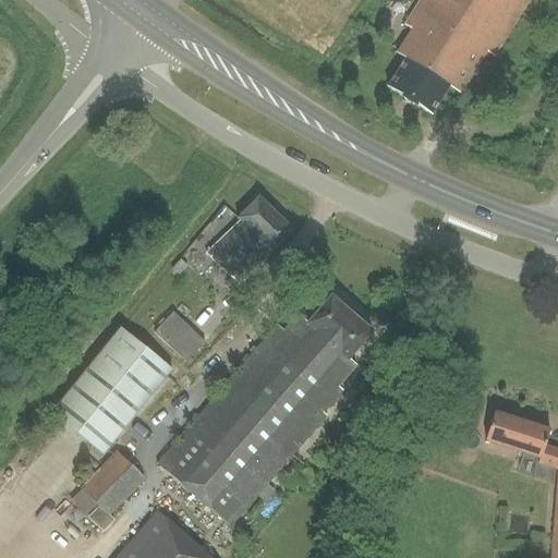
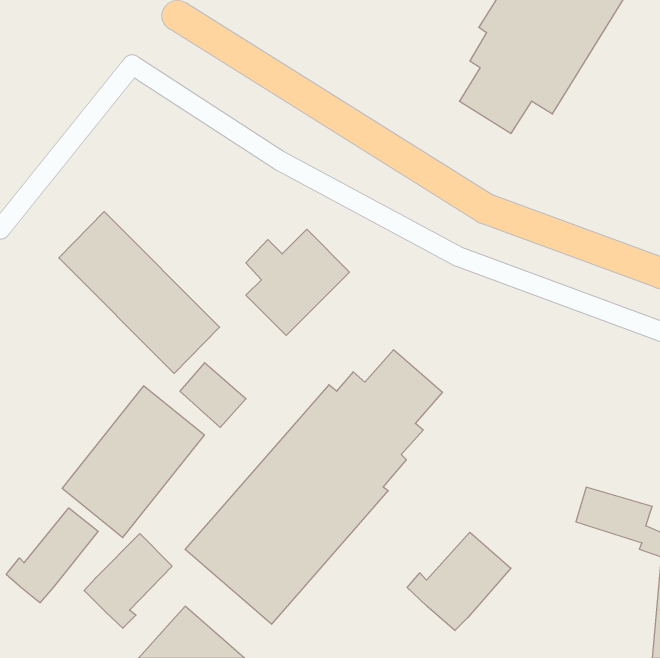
building: none -> [59,212,220,373]
building: none -> [6,508,98,603]
building: none -> [407,532,511,631]

